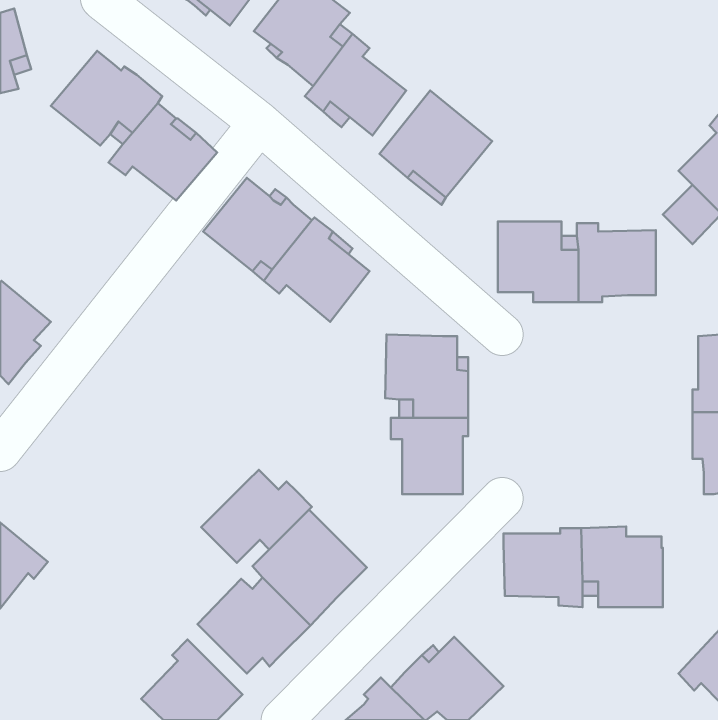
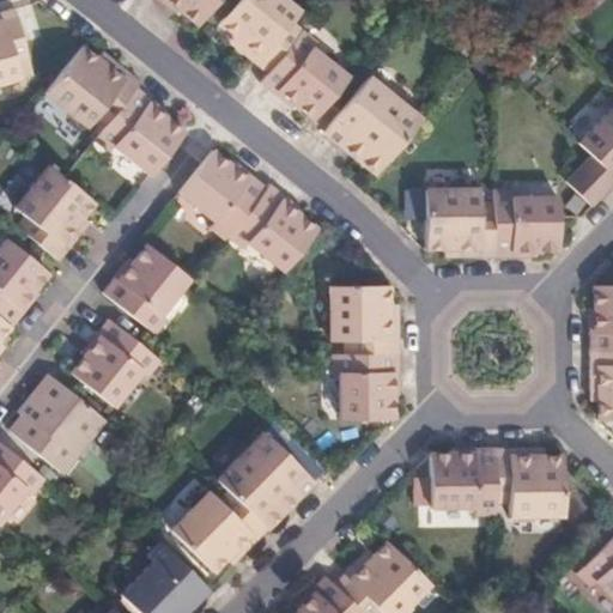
building: none -> [14,165,93,259]
building: none -> [102,244,187,333]
building: none -> [71,318,158,405]
building: none -> [8,374,104,472]
building: [201,470,312,563] -> none

